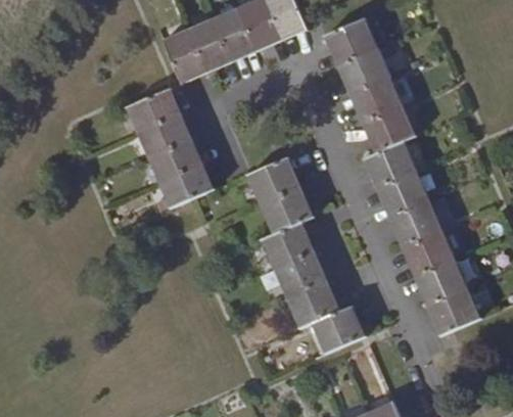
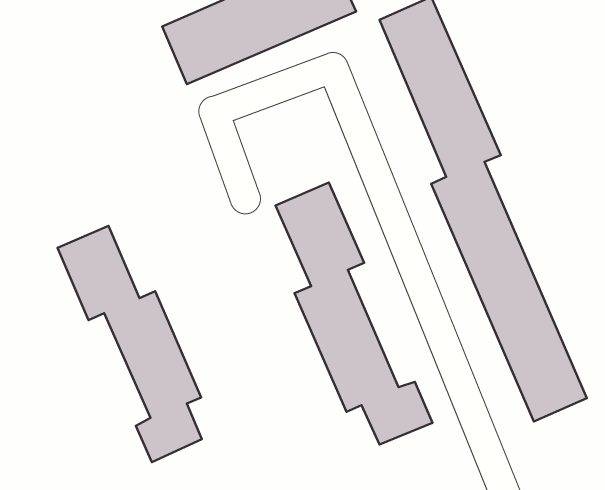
building: [127,88,214,207] -> none
building: none -> [57,226,202,462]

